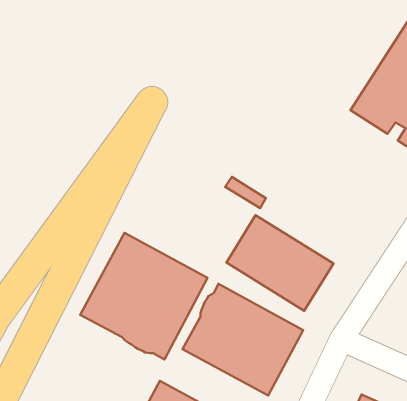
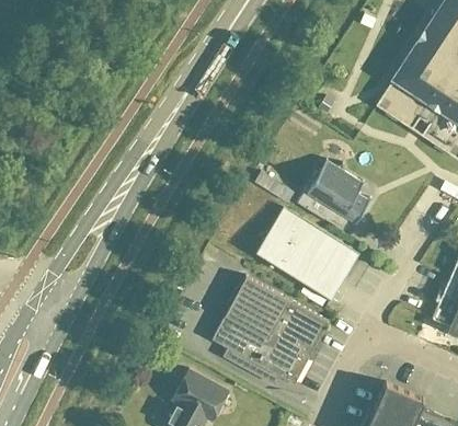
building: none -> [296,161,369,224]
building: [80,233,208,359] -> none

